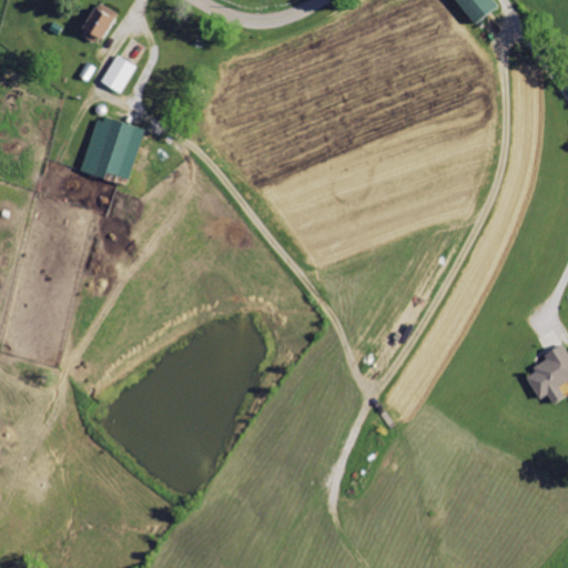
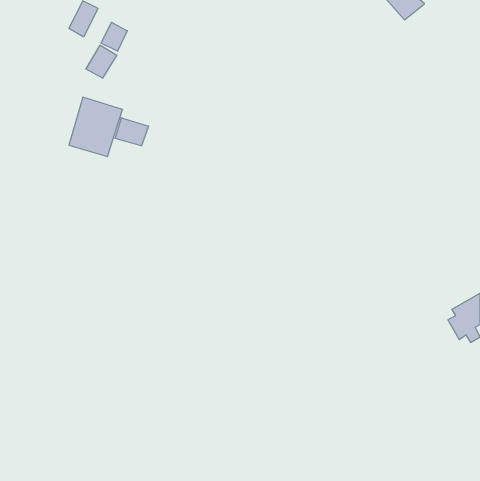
building: none -> [101,22,127,51]
building: none -> [115,118,149,146]

